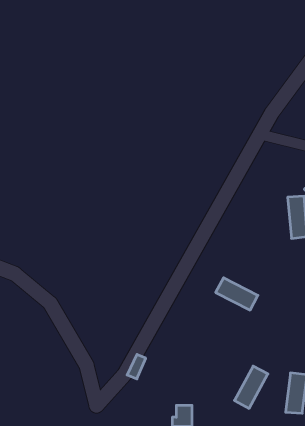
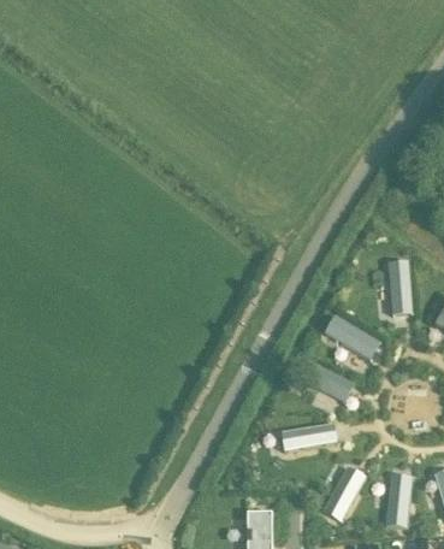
building: none -> [324,315,378,358]
building: none -> [282,423,337,450]

